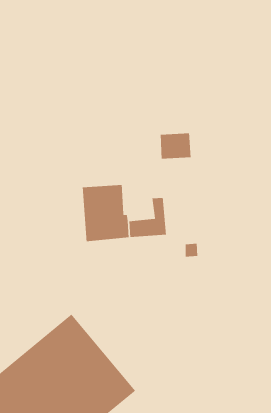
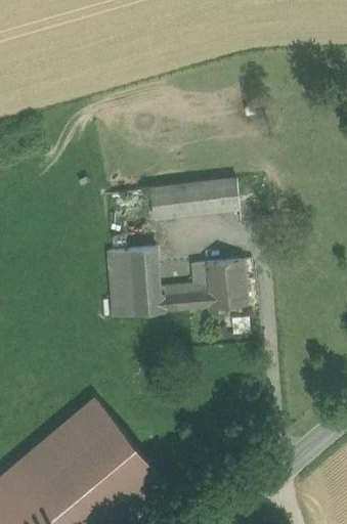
building: none -> [149,185,201,219]
building: none -> [204,258,246,307]

